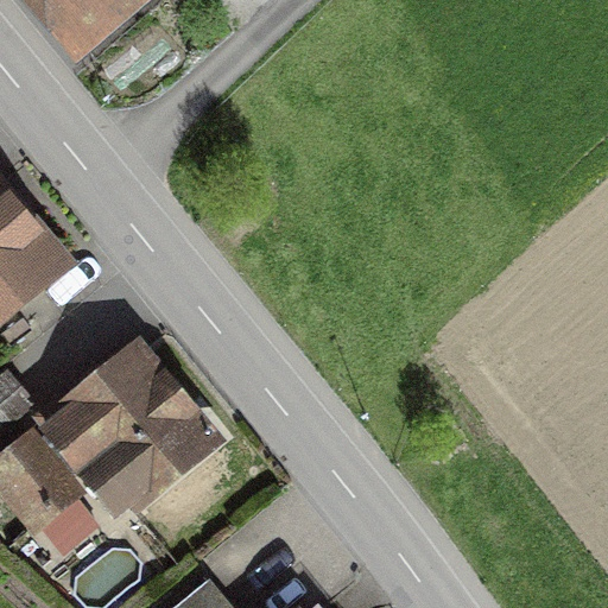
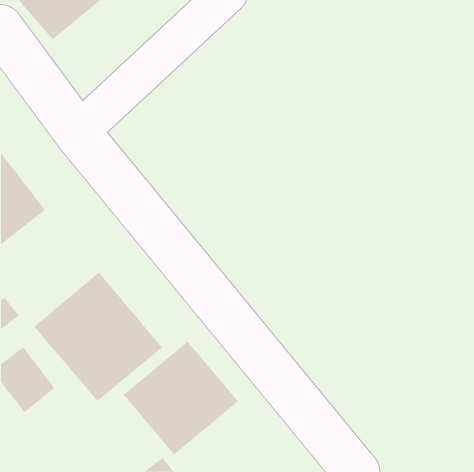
building: none -> [123,341,239,456]

